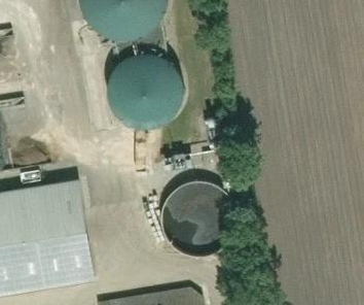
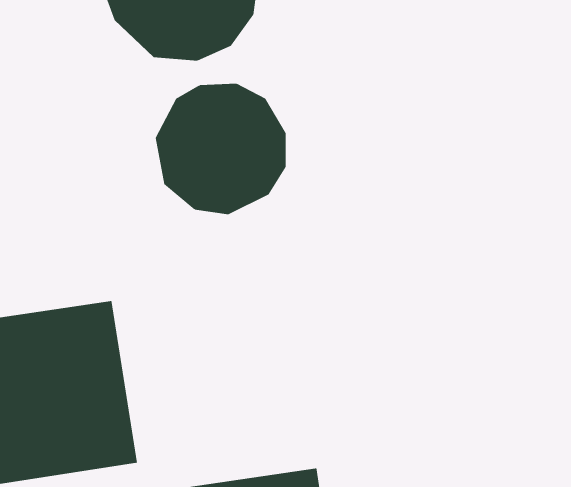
building: [159,180,235,257] -> none

